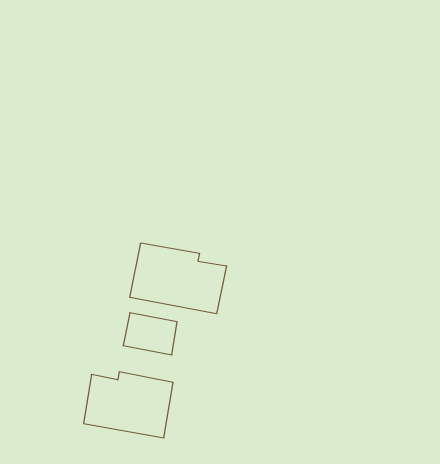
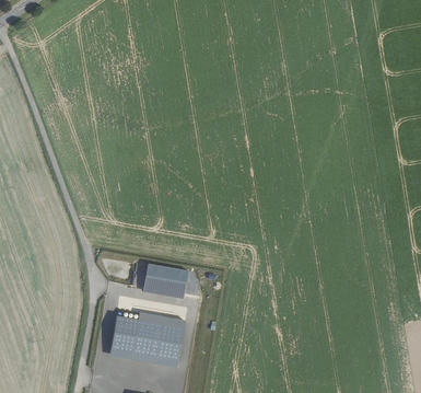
building: [130,243,227,314] -> none

